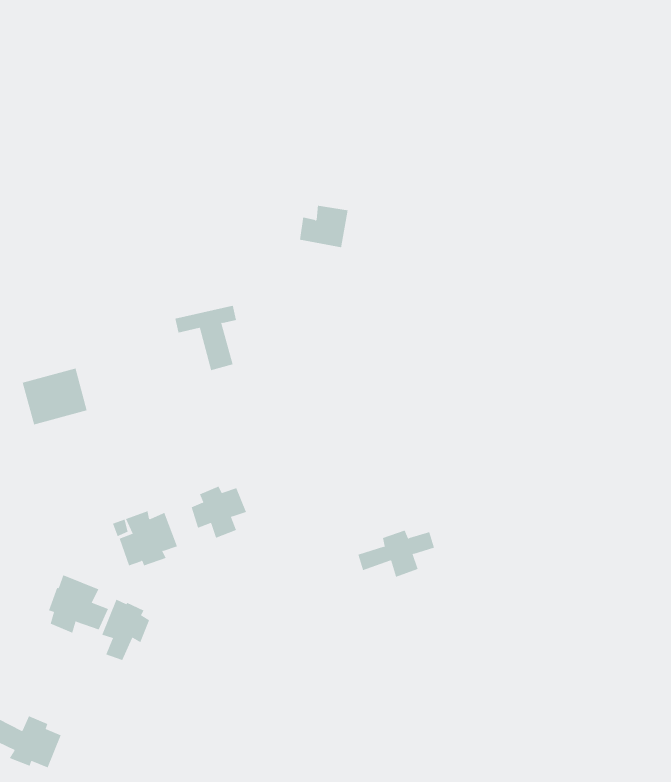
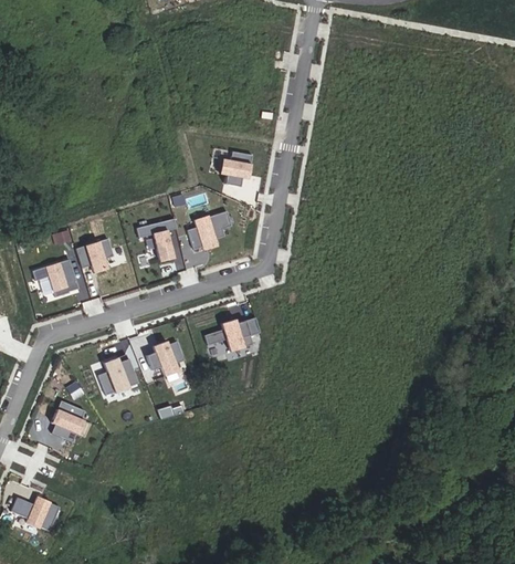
building: none -> [188,211,232,251]
building: none -> [76,240,114,275]
building: [358,530,435,577] -> [204,318,256,351]
building: [101,599,150,661] -> none

